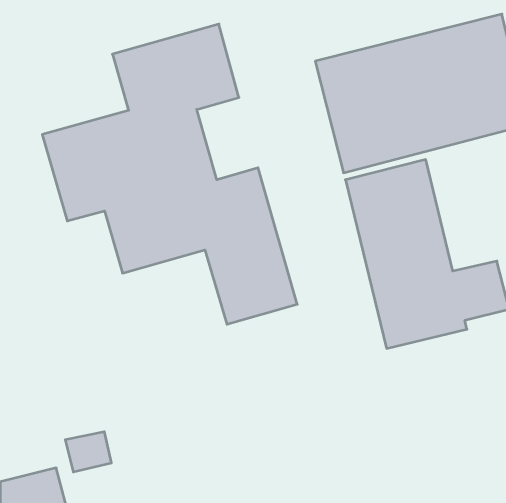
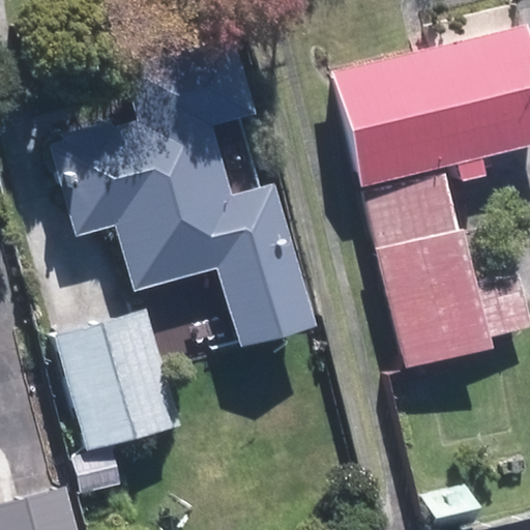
building: none -> [55,312,180,451]

